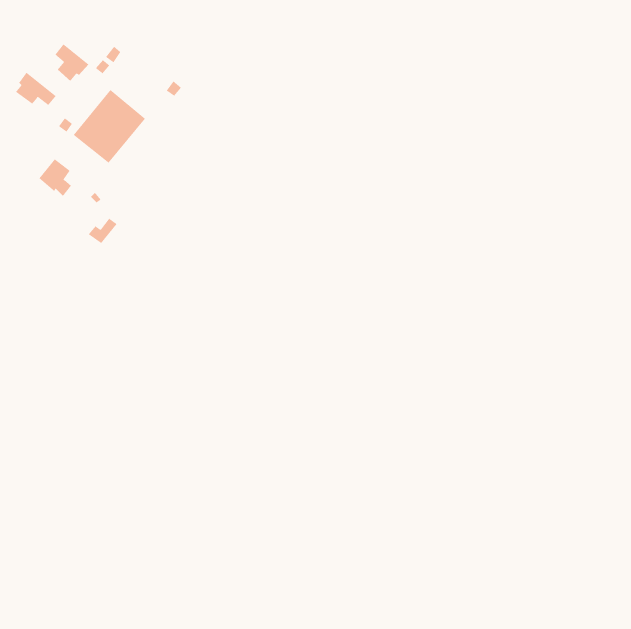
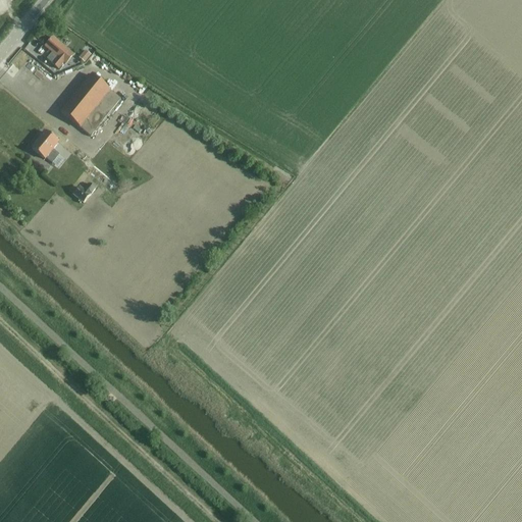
building: [15,72,56,106] -> none

